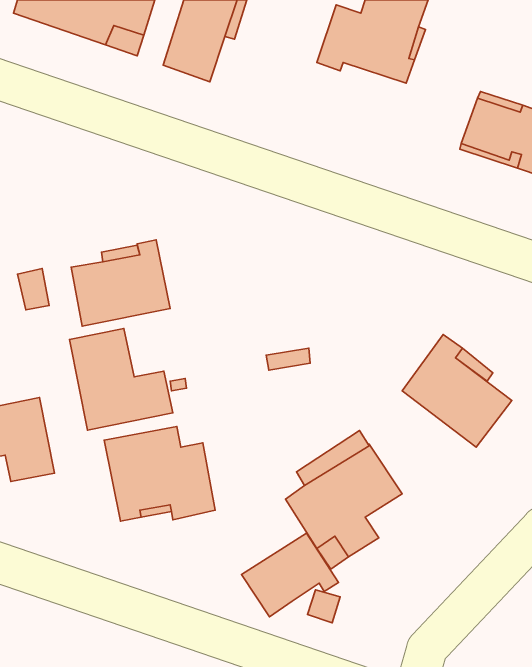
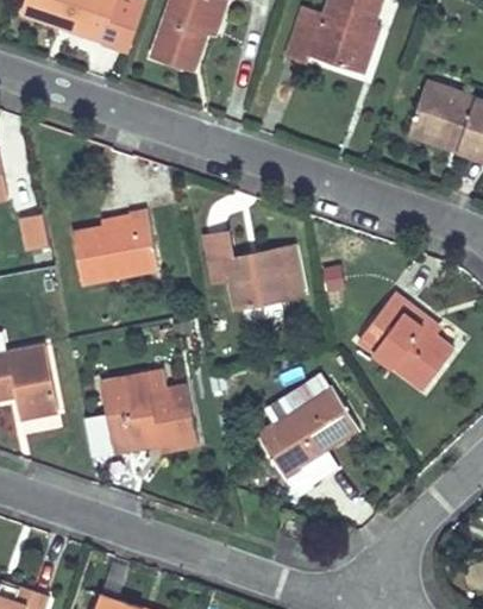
building: none -> [203,232,302,307]
building: [70,328,173,430] -> none
building: [242,533,338,617] -> none

